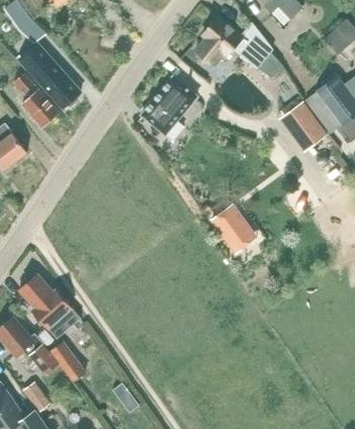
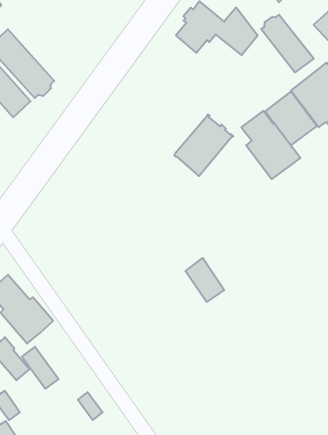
building: none -> [261,15,314,72]
building: [142,76,197,134] -> [174,115,233,176]
building: none -> [241,111,300,179]
building: [211,205,248,247] -> [185,258,224,302]

